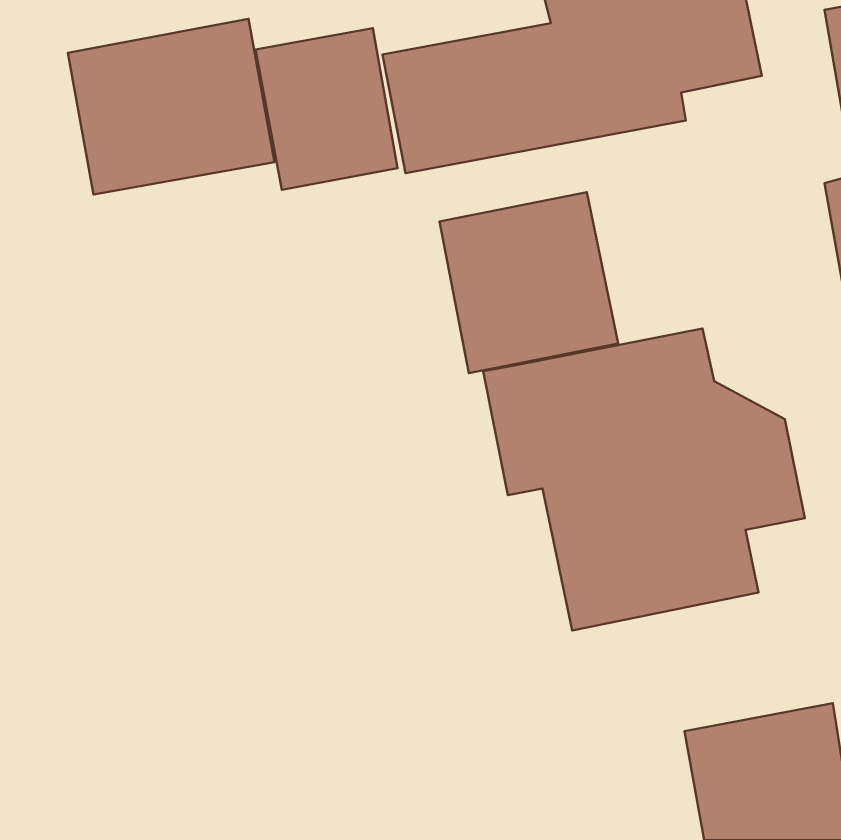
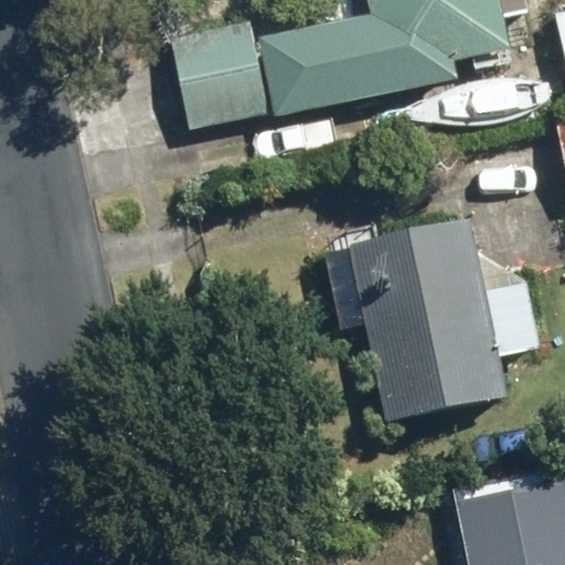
building: [68,19,275,194] -> none
building: [439,192,618,373] -> none

